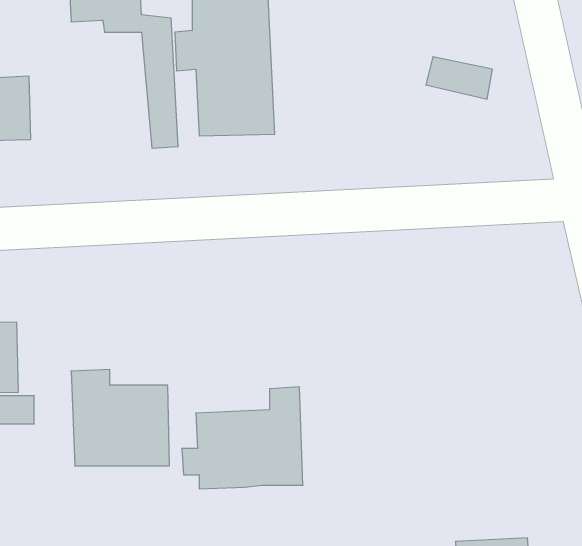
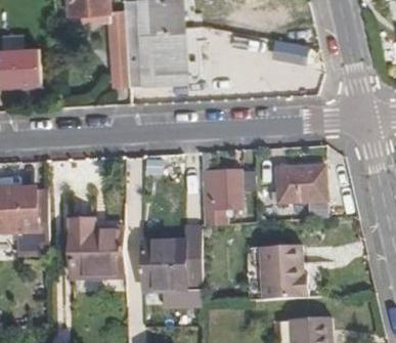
building: none -> [275,165,327,222]
building: none -> [200,173,240,227]
building: none -> [261,248,309,300]

